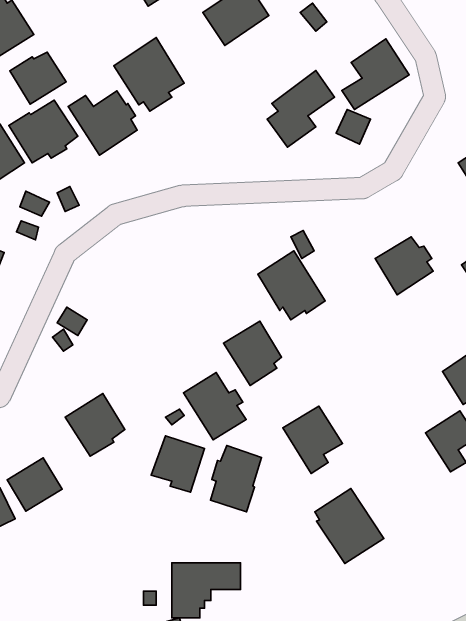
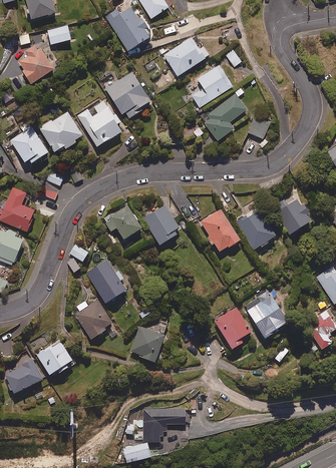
building: [342,39,409,109] -> [191,63,234,108]
building: [10,52,66,104] -> none
building: none -> [104,204,142,240]
building: none -> [235,209,276,250]
building: [224,321,282,386] -> [142,203,180,245]
building: [183,373,246,440] -> [85,260,125,303]
building: [210,445,261,512] -> none
building: [315,488,384,564] -> [245,290,289,338]

